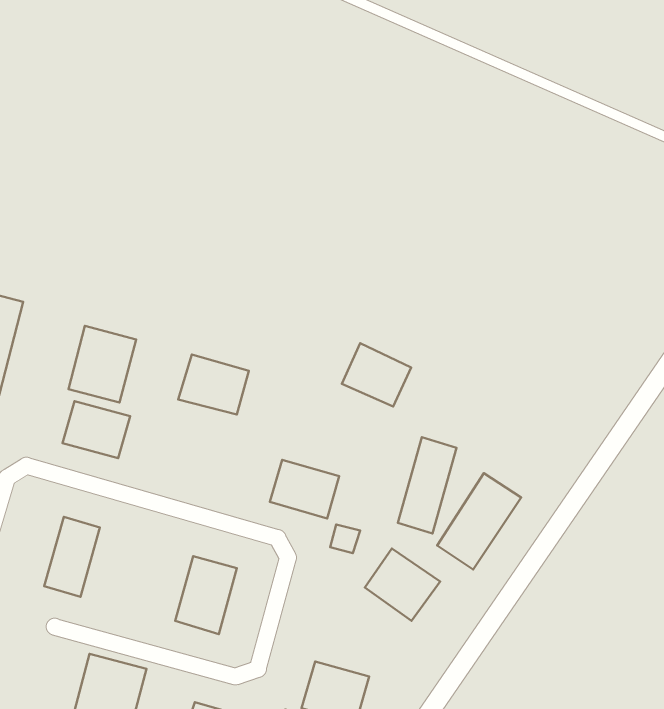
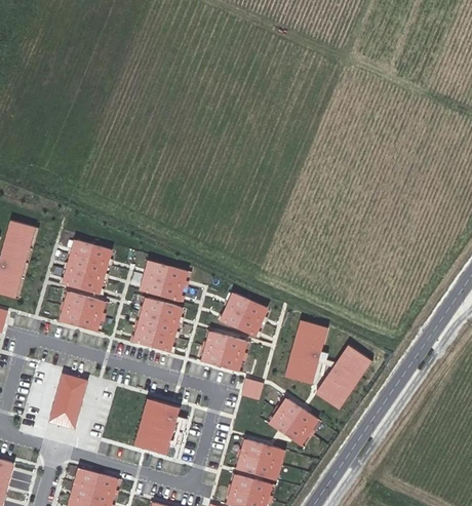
building: [342,343,411,406] -> [220,295,267,338]
building: none -> [133,300,182,353]
building: none -> [233,436,280,478]

